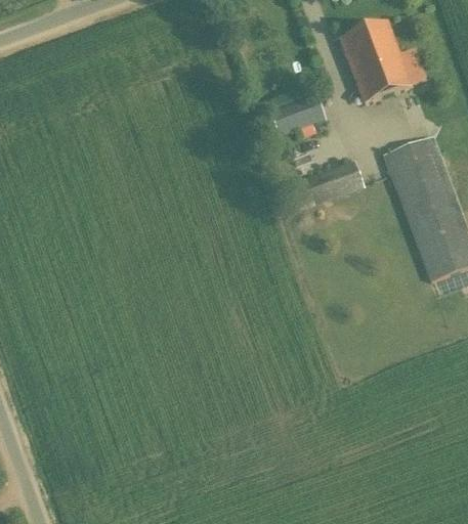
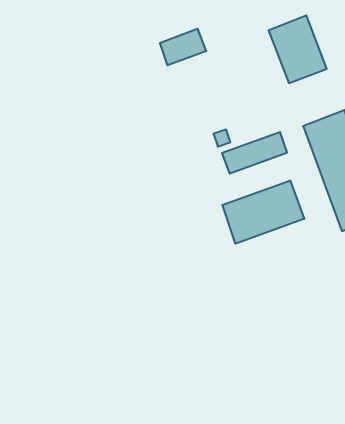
building: [269,91,326,135] -> [160,29,206,65]
building: none -> [222,180,304,244]

